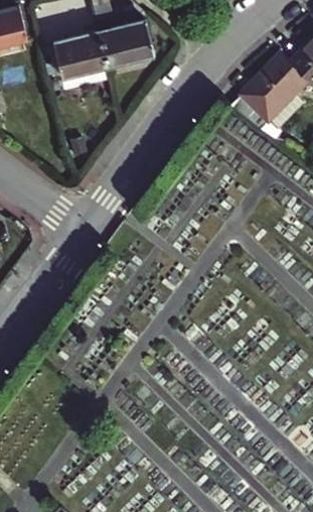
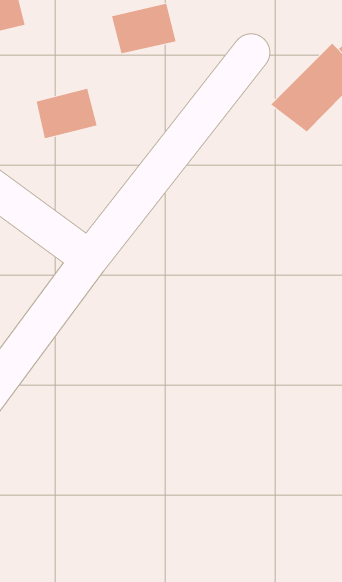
building: [54,33,106,76] -> [36,88,97,139]

